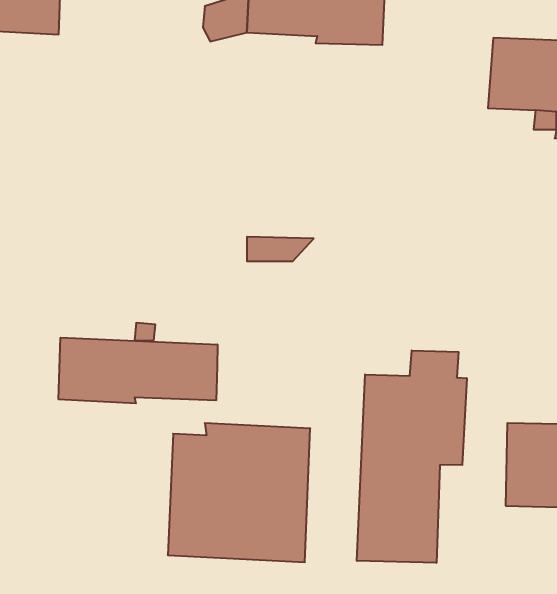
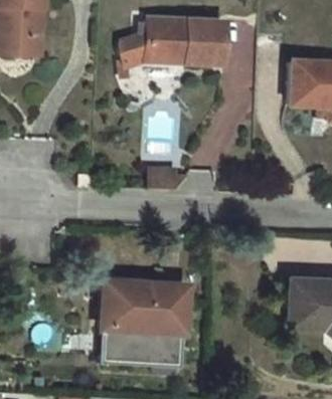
building: [59,338,217,403] -> none
building: [357,350,467,563] -> none

